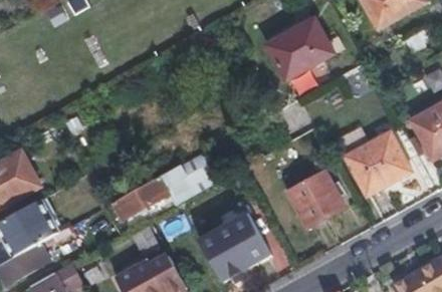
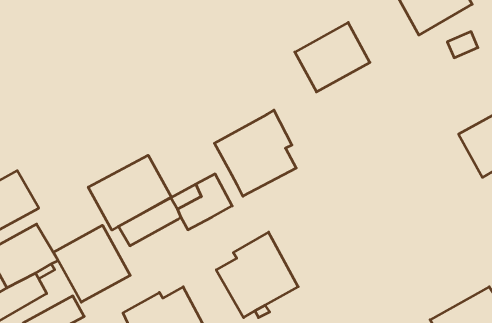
building: none -> [214,110,296,196]
building: [344,133,409,196] -> none
building: none -> [88,155,171,230]
building: [286,172,344,228] -> none
building: none -> [53,225,130,302]

